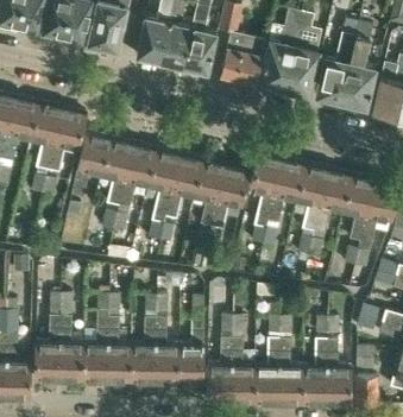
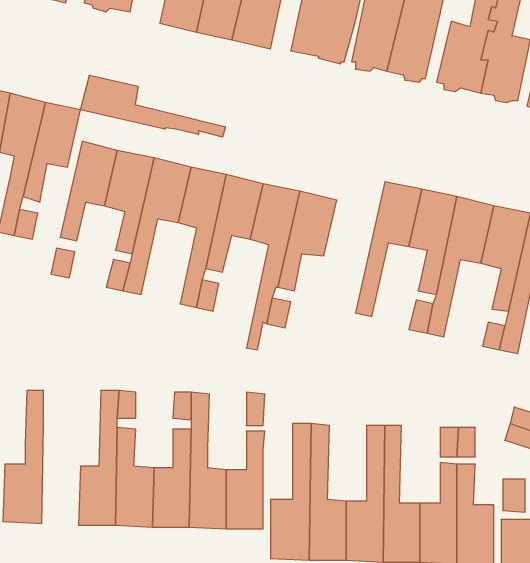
building: none -> [80,75,225,137]
building: [250,153,281,244] -> none
building: [59,316,84,380] -> none

